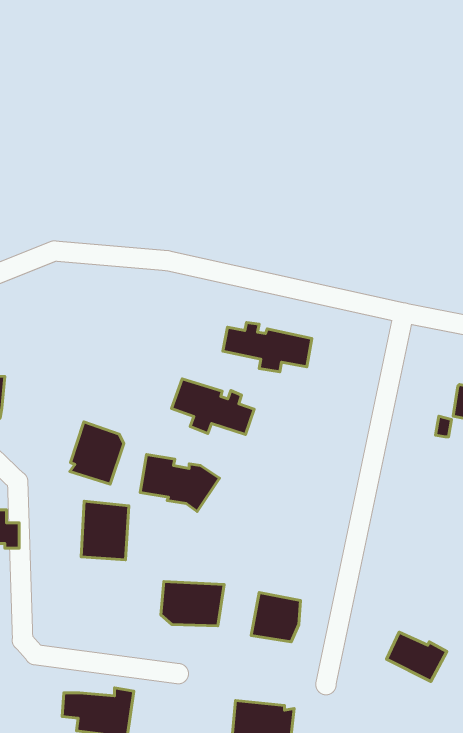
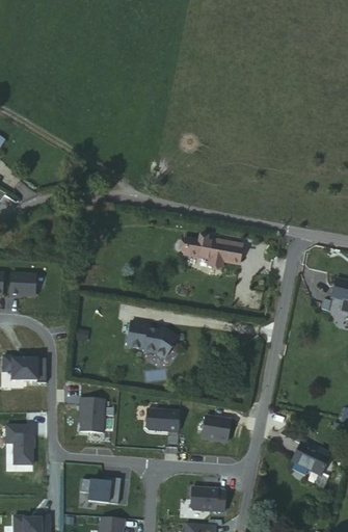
building: [171,379,254,434] -> none
building: [70,422,124,484] -> none
building: [81,501,129,560] -> [76,397,107,435]

